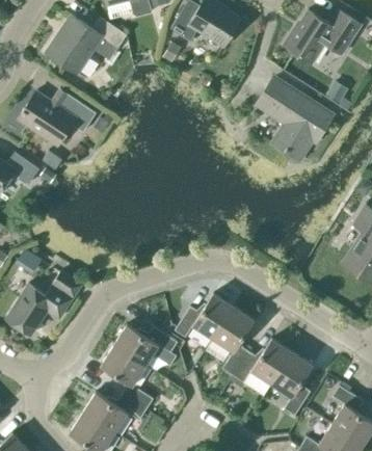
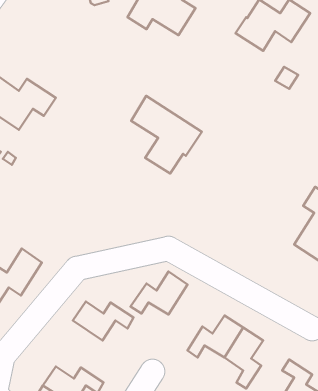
building: [47,17,126,74] -> none
building: [258,79,331,160] -> [131,96,202,174]
building: [213,308,254,376] -> none
building: [101,345,153,409] -> none

